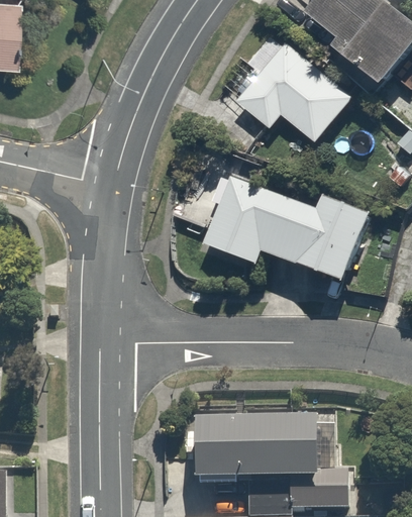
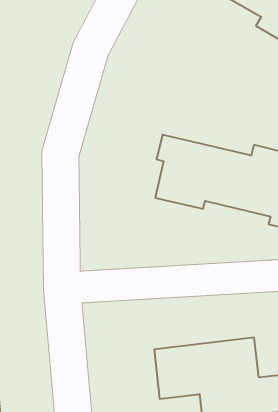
building: [236,30,351,141] -> none

